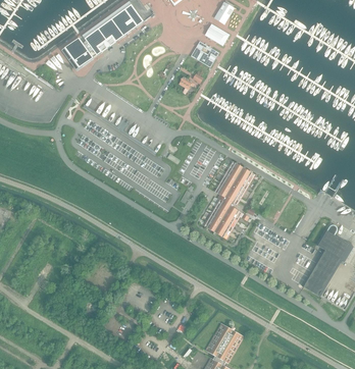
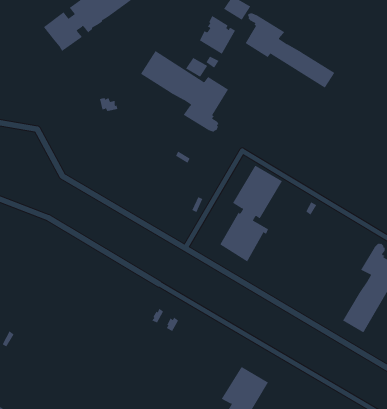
building: none -> [245,12,335,89]
building: none -> [140,50,229,132]

